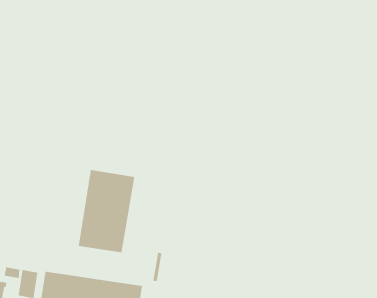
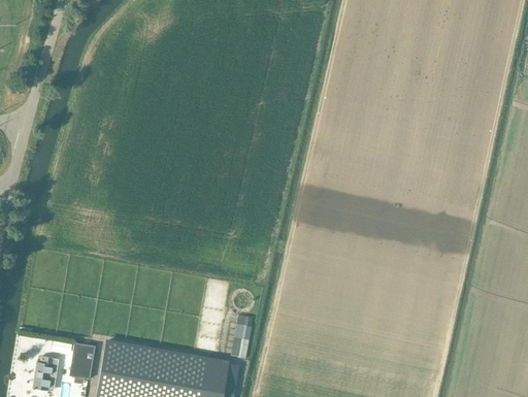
building: [78,169,135,253] -> none

